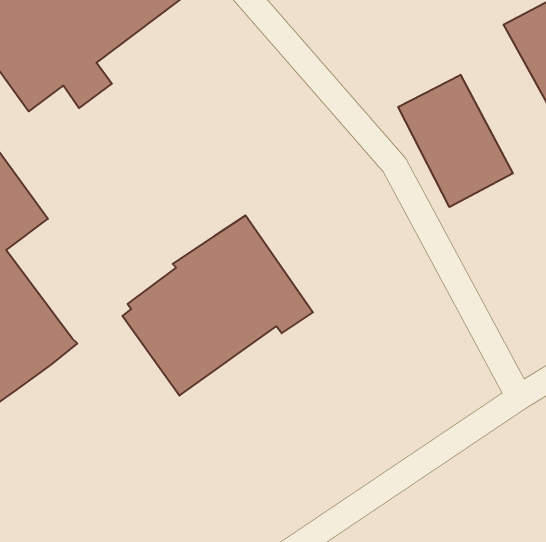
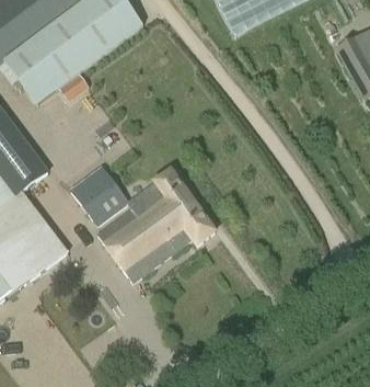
building: [398,75,513,207] -> none
building: none -> [69,164,129,227]

